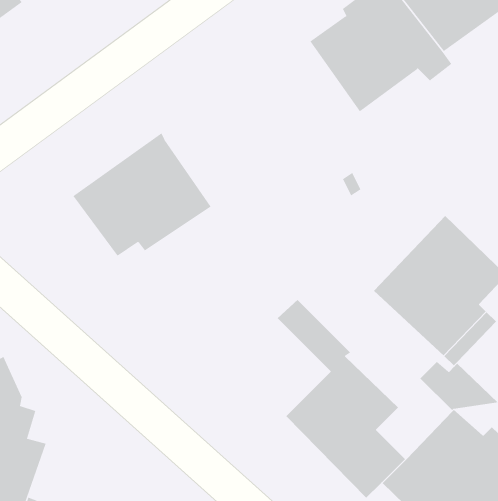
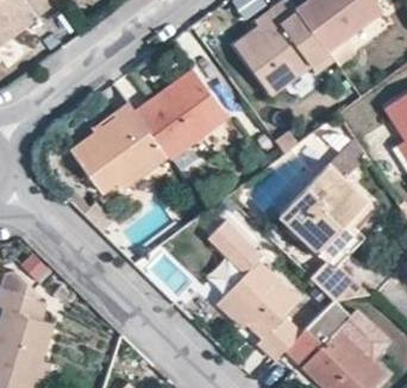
building: none -> [134,70,228,159]

